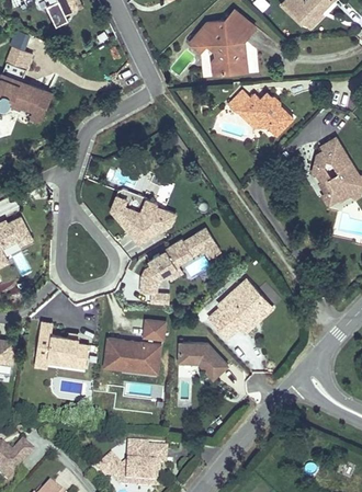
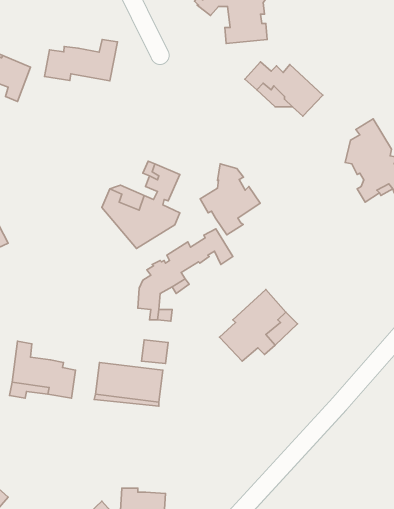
building: none -> [45,40,118,81]
building: none -> [200,164,260,235]
building: [178,342,227,379] -> none

